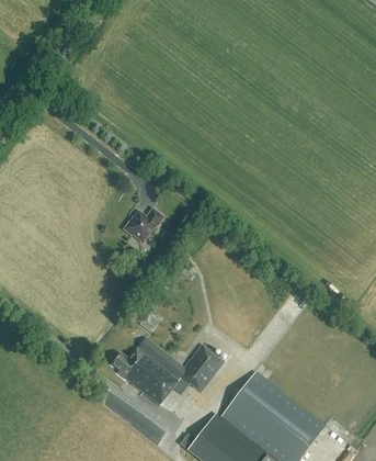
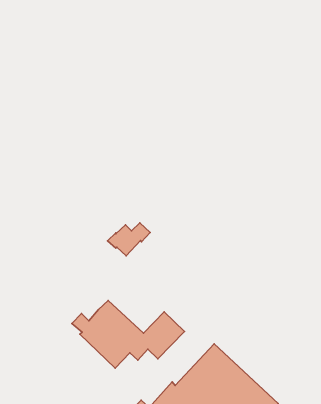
building: [123,207,164,241] -> [108,223,150,256]

